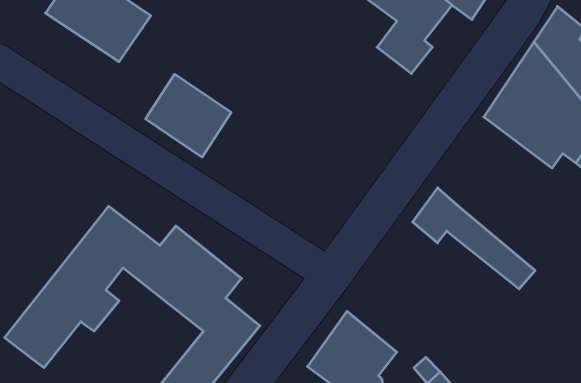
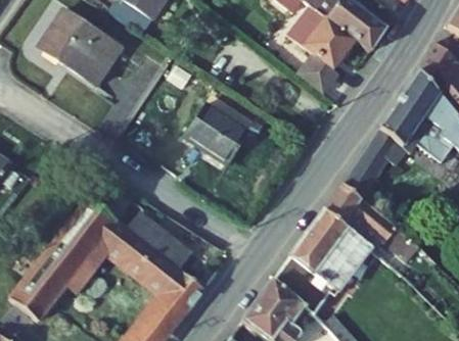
building: [146,74,231,157] -> [184,101,250,165]
building: none -> [345,127,433,198]
building: none -> [274,208,368,312]

